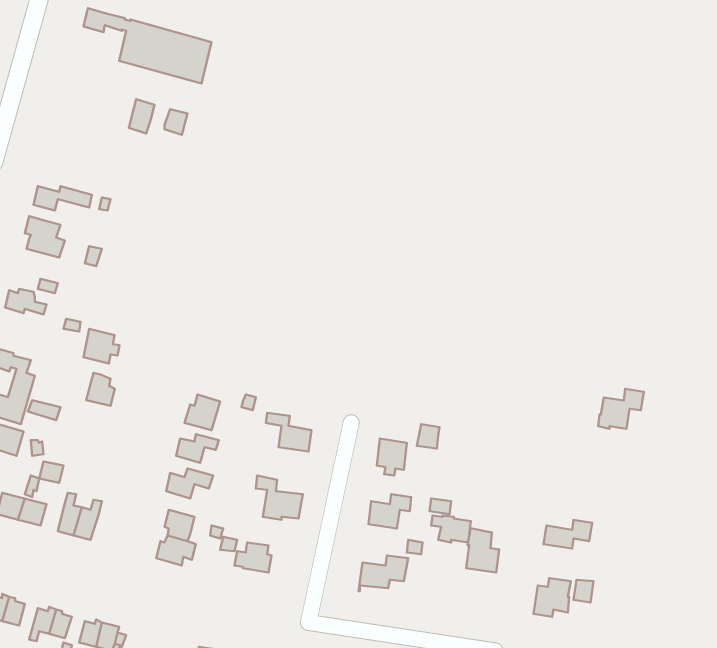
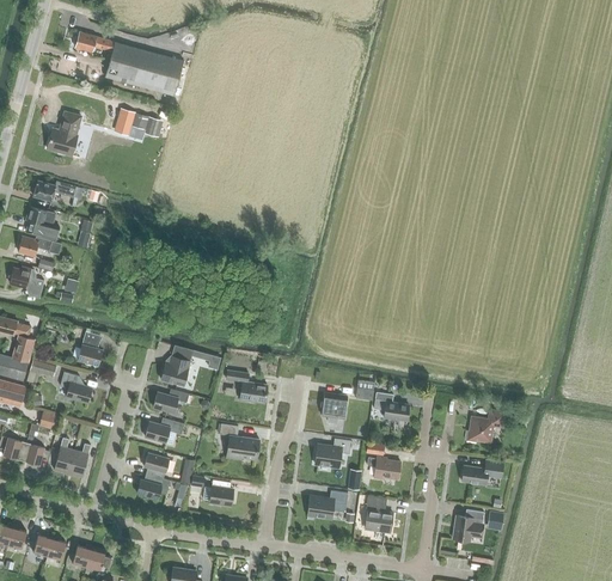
building: none -> [47,111,81,155]
building: none -> [18,237,61,256]
building: [84,329,120,363] -> none
building: [598,389,644,429] -> [466,409,504,442]
building: none -> [60,372,91,403]
building: none -> [373,392,409,421]
building: [466,528,499,572] -> [365,495,392,532]

